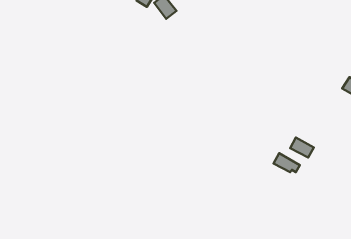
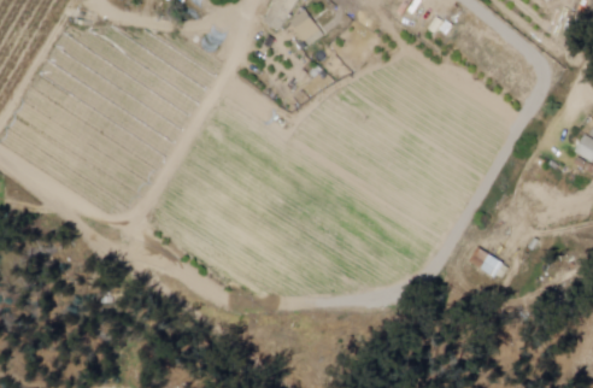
building: [290,137,314,157] -> none

